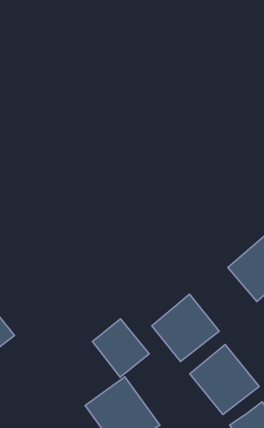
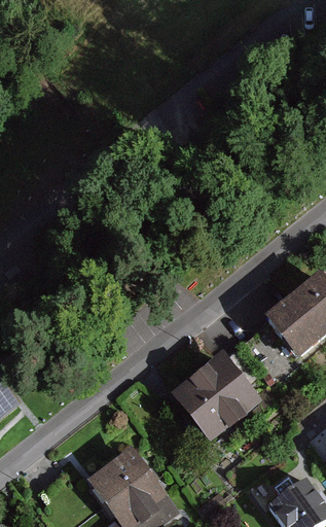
building: [93,319,149,377] -> none
building: [190,345,259,414] -> none

